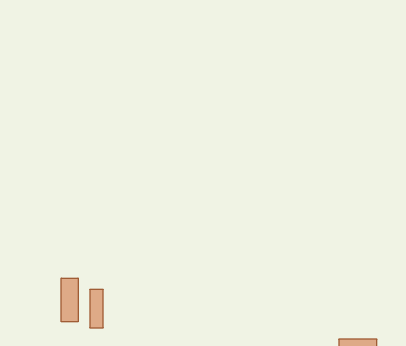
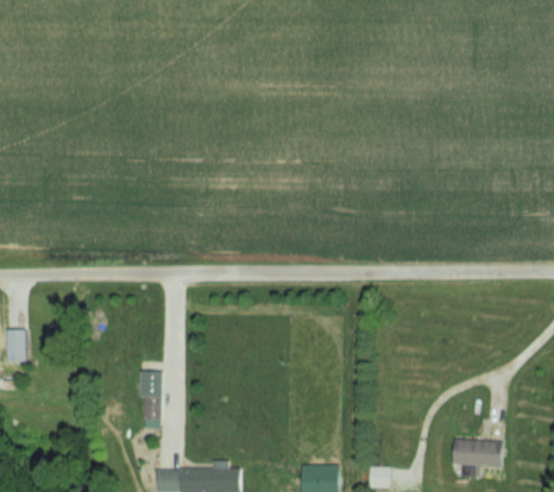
building: [61,278,78,322] -> none

